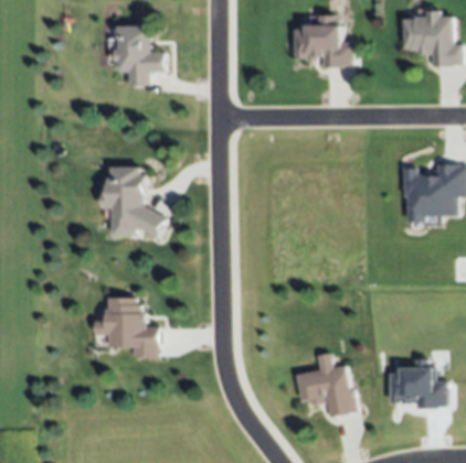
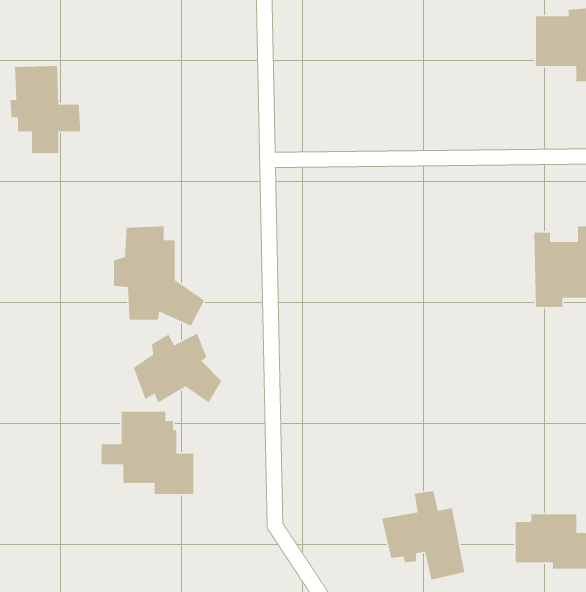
building: [290,12,349,65] -> none
building: [114,23,165,86] -> [9,65,81,154]
building: none -> [133,333,222,403]

